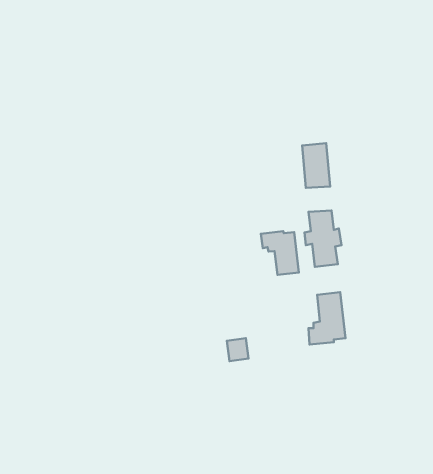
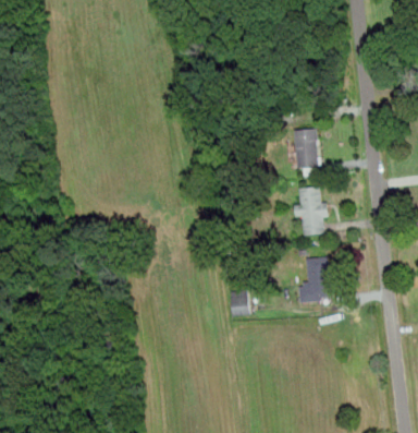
building: [261,231,299,275] -> none

